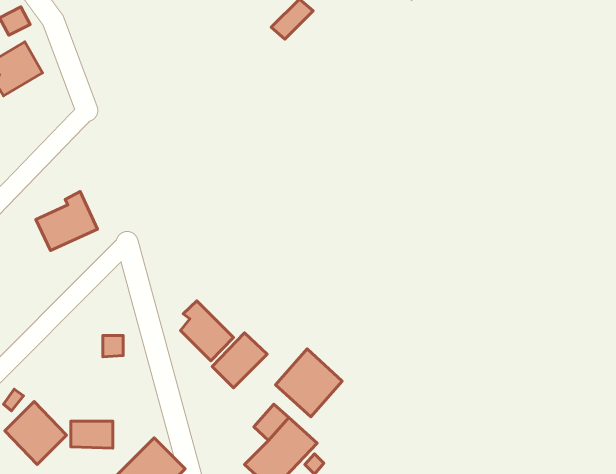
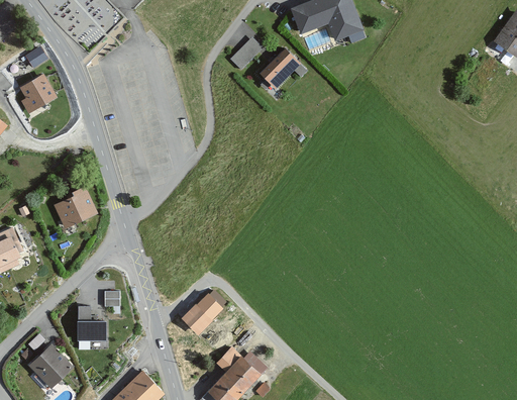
building: none -> [260,52,304,89]
building: [181,301,233,361] -> none
building: [276,349,342,417] -> none
building: [71,421,113,448] -> [75,322,106,342]

